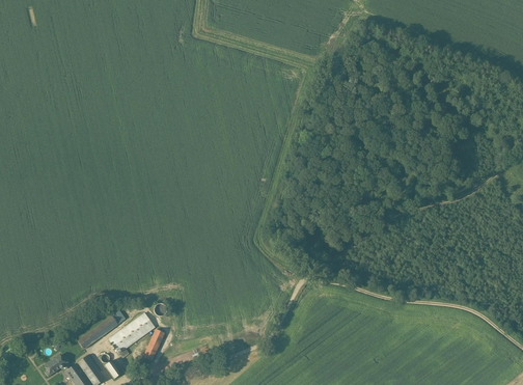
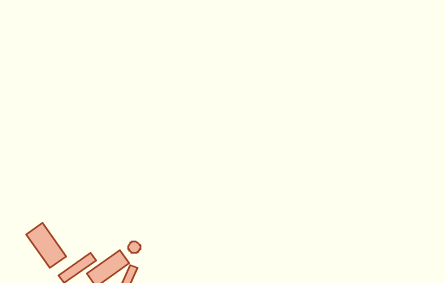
building: none -> [26,223,66,268]

